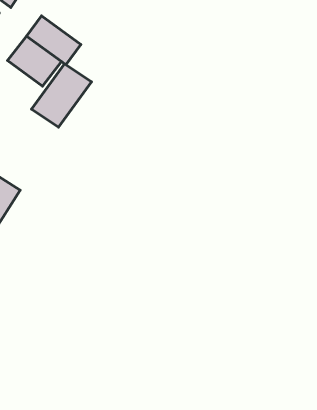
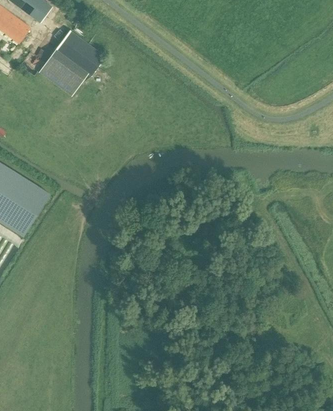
building: [32,64,91,127] -> none

